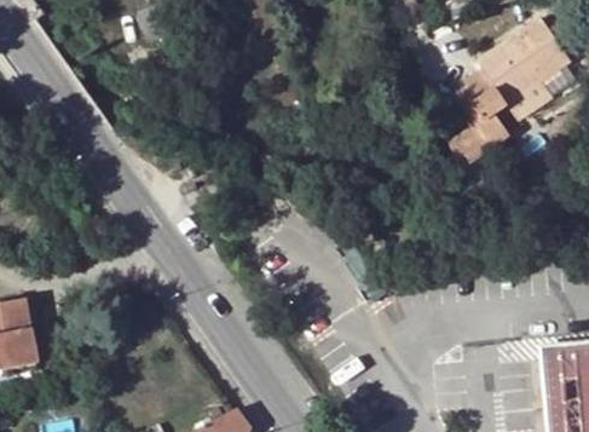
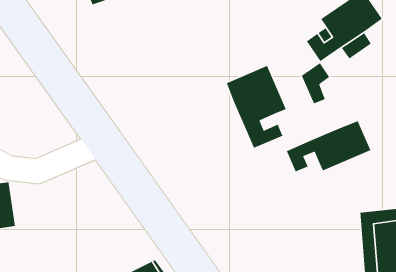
building: none -> [226,65,287,149]
building: none -> [286,120,371,172]

